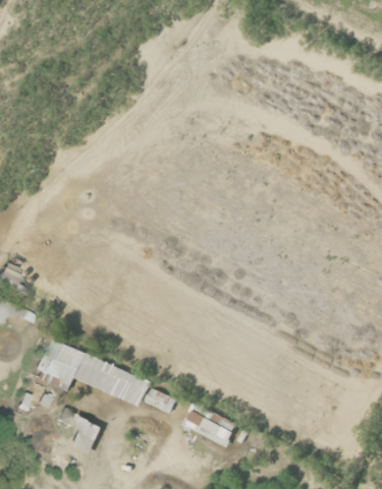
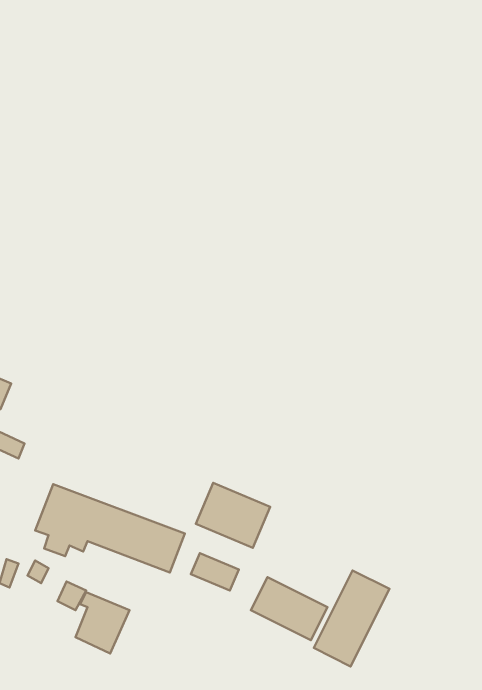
building: none -> [196,483,270,548]
building: none -> [314,570,389,666]

